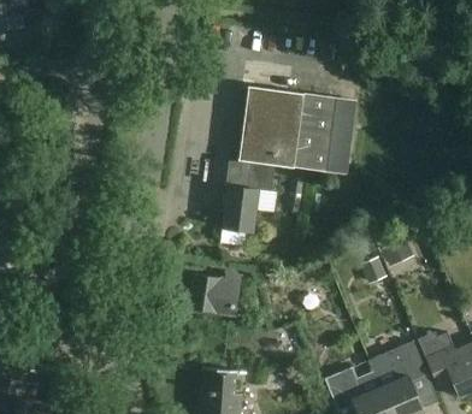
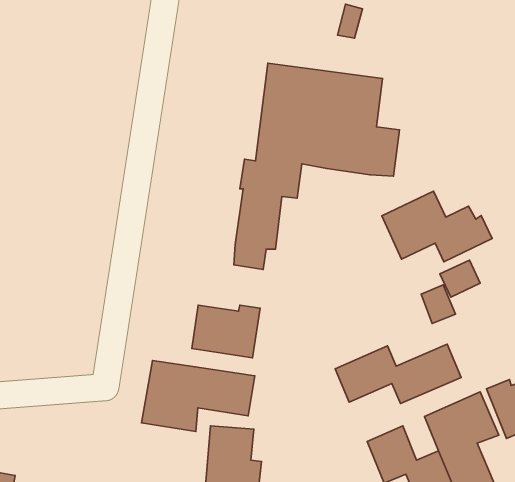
building: none -> [382,191,492,262]
building: none -> [335,344,461,403]
building: none -> [142,361,255,432]

